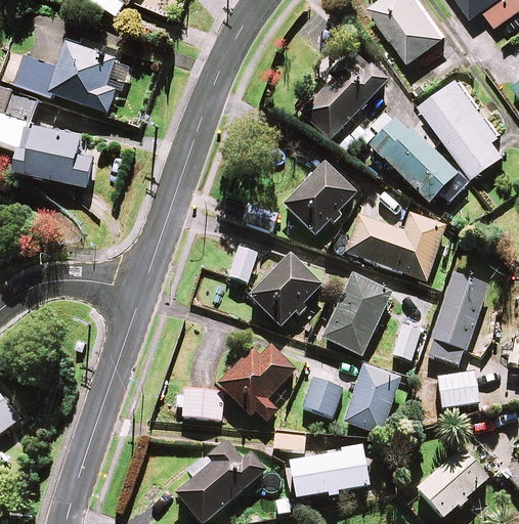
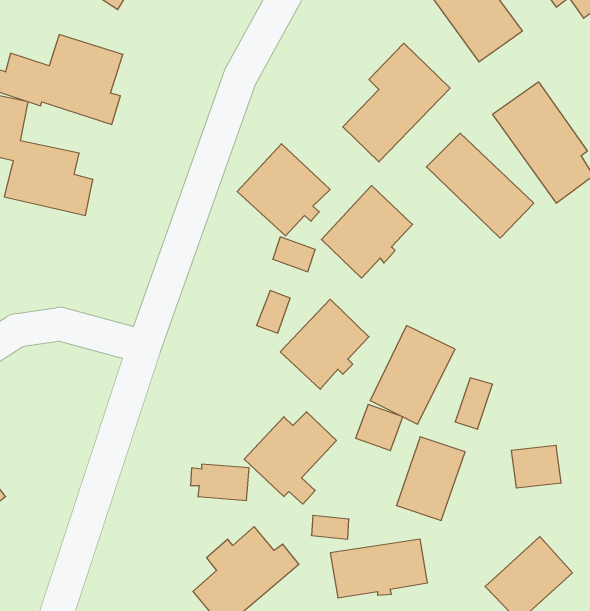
building: none -> [237,144,330,236]
building: [346,214,444,280] -> none
building: [426,274,487,365] -> none
building: [302,378,341,416] -> [356,404,403,451]

